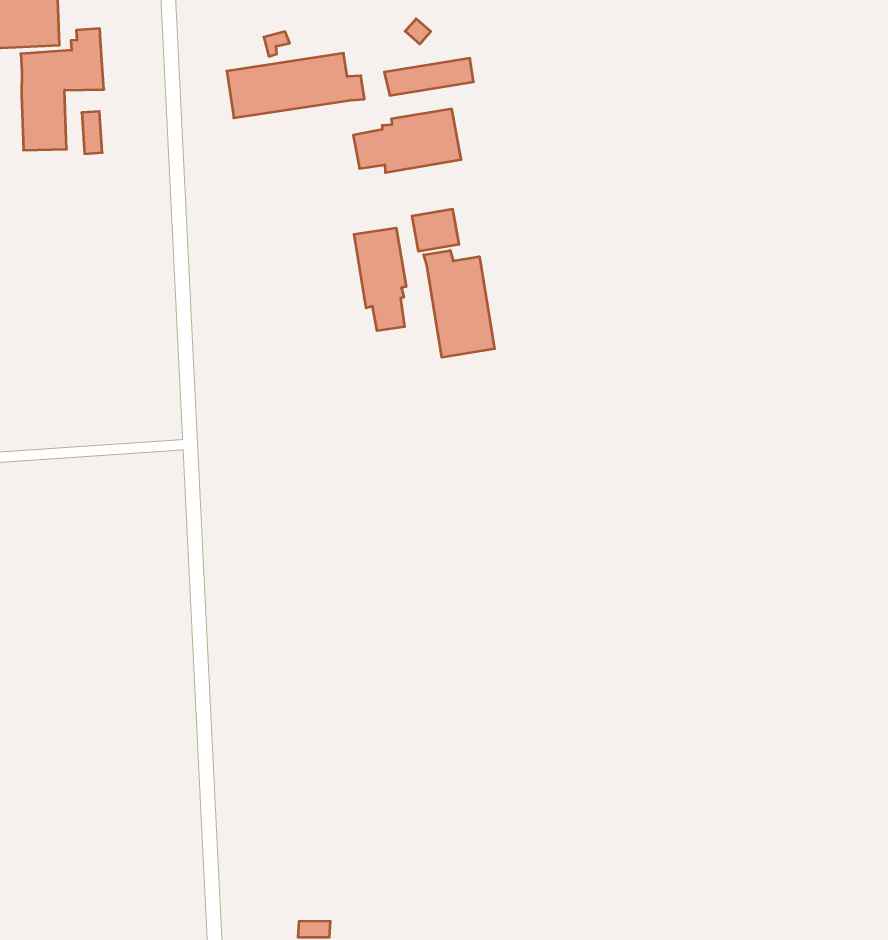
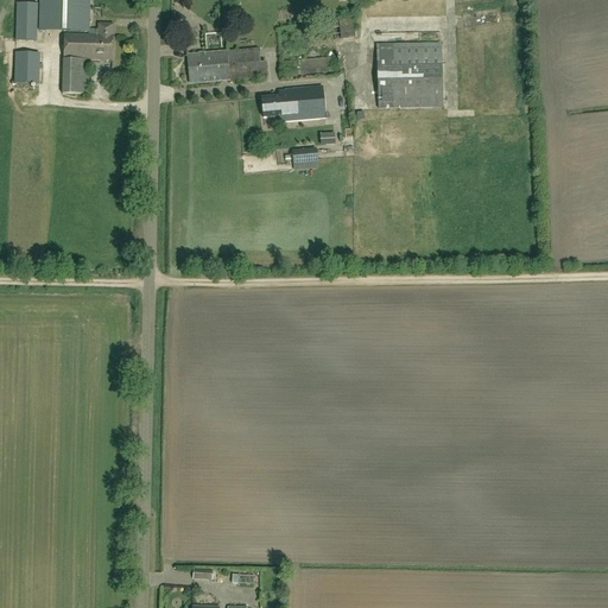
building: none -> [378,42,442,106]
building: [354,228,406,331] -> none
building: [424,250,495,357] -> none

